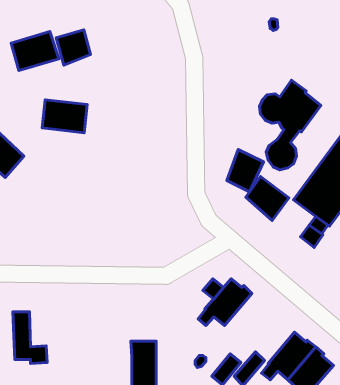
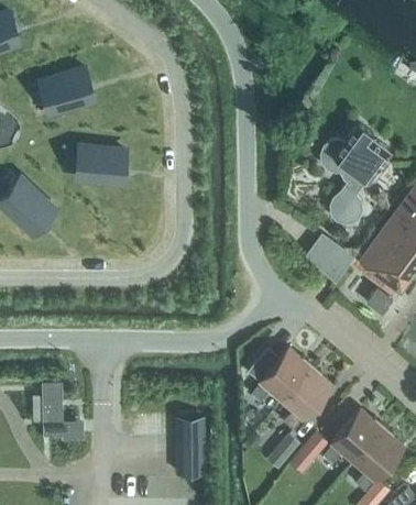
building: [56,30,90,65] -> none
building: [227,150,264,192] -> none
building: none -> [281,365,332,430]

